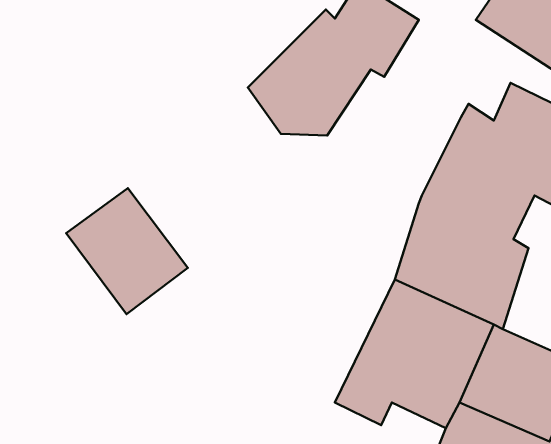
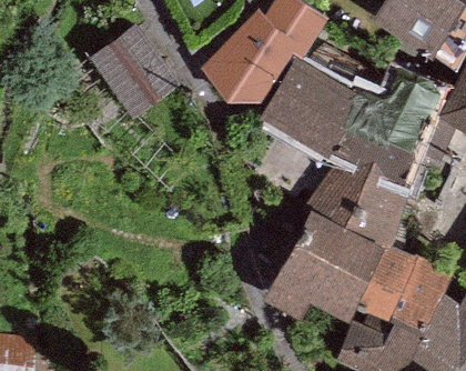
building: none -> [260,60,359,154]
building: [66,188,188,314] -> [89,26,179,119]

